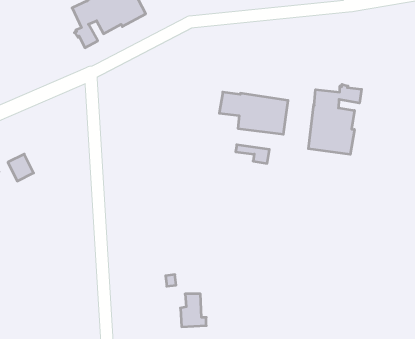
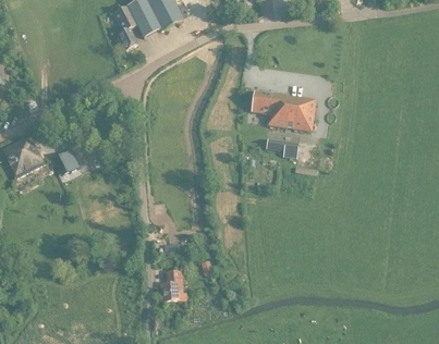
building: [308,84,362,154] -> none
building: [180,294,206,327] -> [162,270,186,300]

